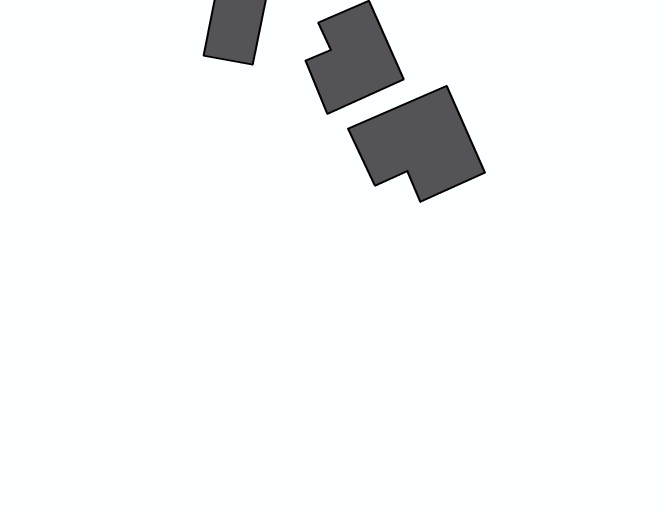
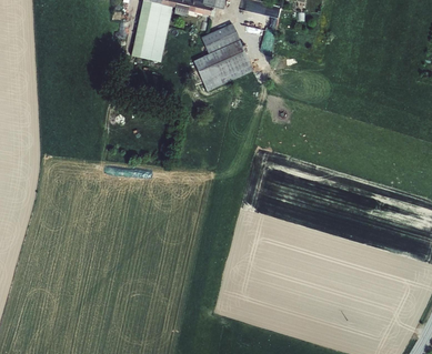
building: [348,86,485,202] -> none

